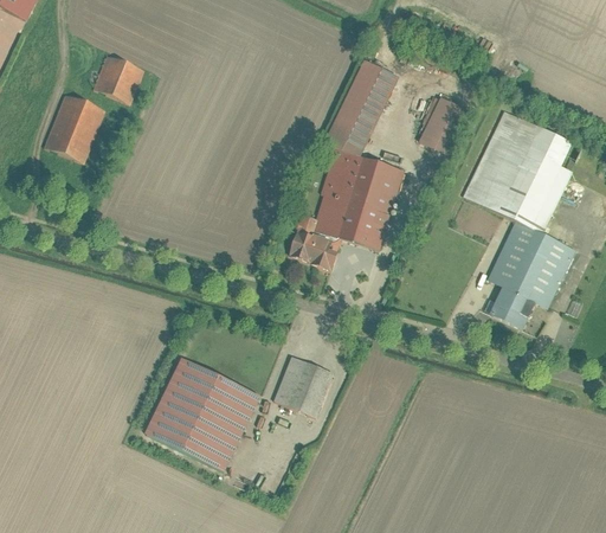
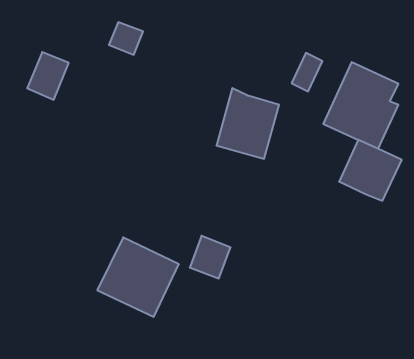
building: [94,56,142,102] -> [109,22,143,55]
building: [325,60,397,156] -> none
building: [289,214,337,268] -> none
building: [490,285,528,328] -> none

